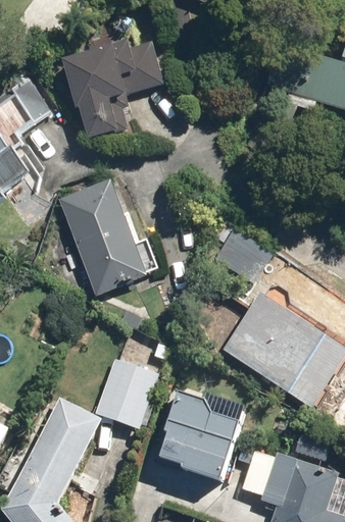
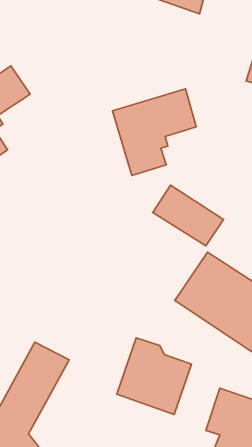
building: [68,40,165,140] -> [112,89,196,175]
building: [59,181,146,295] -> none
building: [95,357,157,427] -> none

